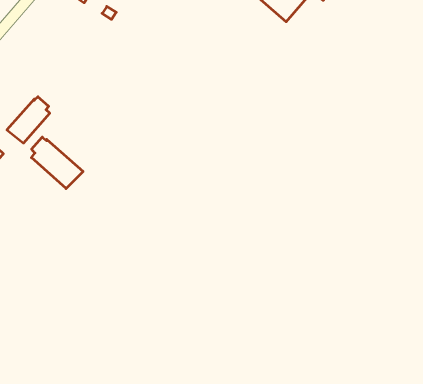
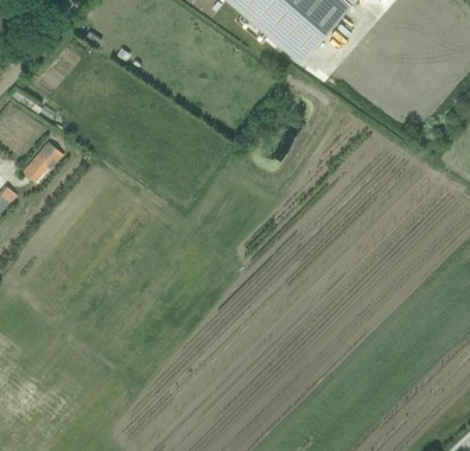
building: [31,137,83,189] -> none

